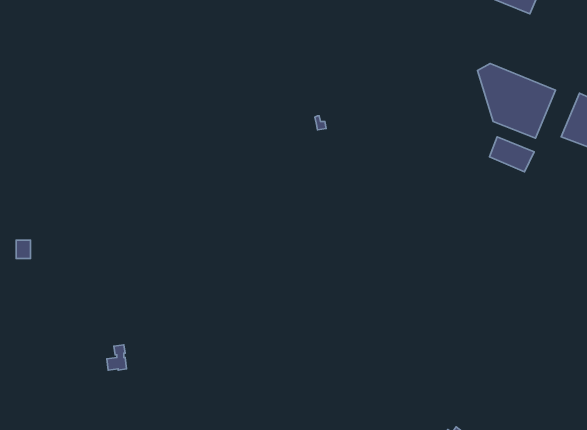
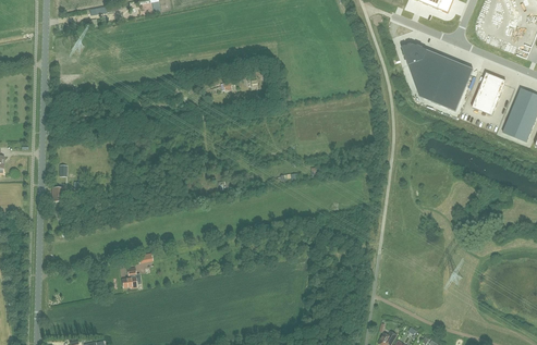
building: [490,137,534,172] -> none

